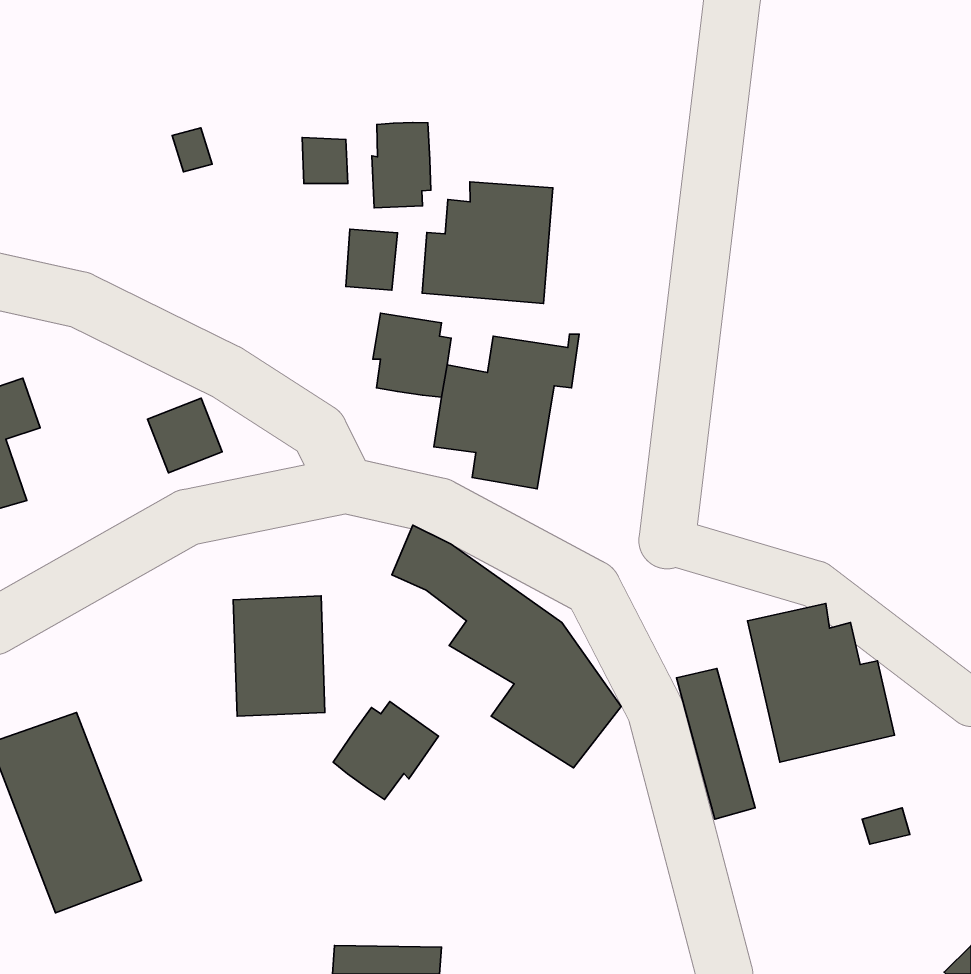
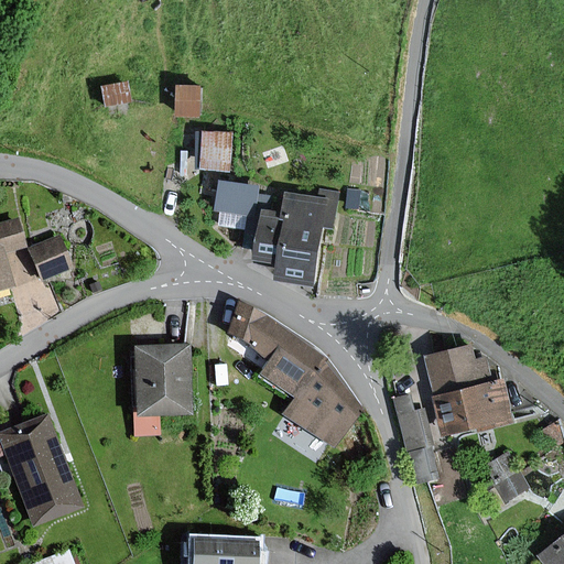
building: [372,122,431,208] -> none
building: [422,182,553,303] -> none
building: [148,398,222,473] -> [29,240,72,283]
building: [333,701,439,799] -> none

